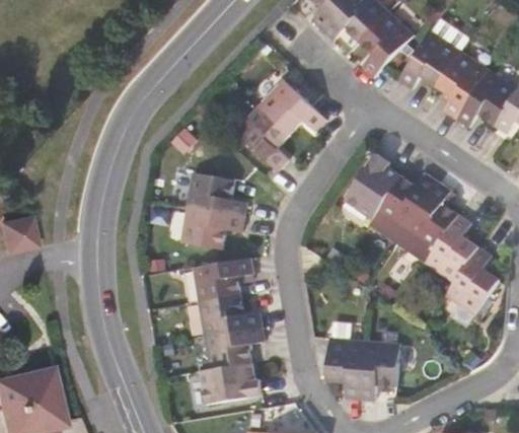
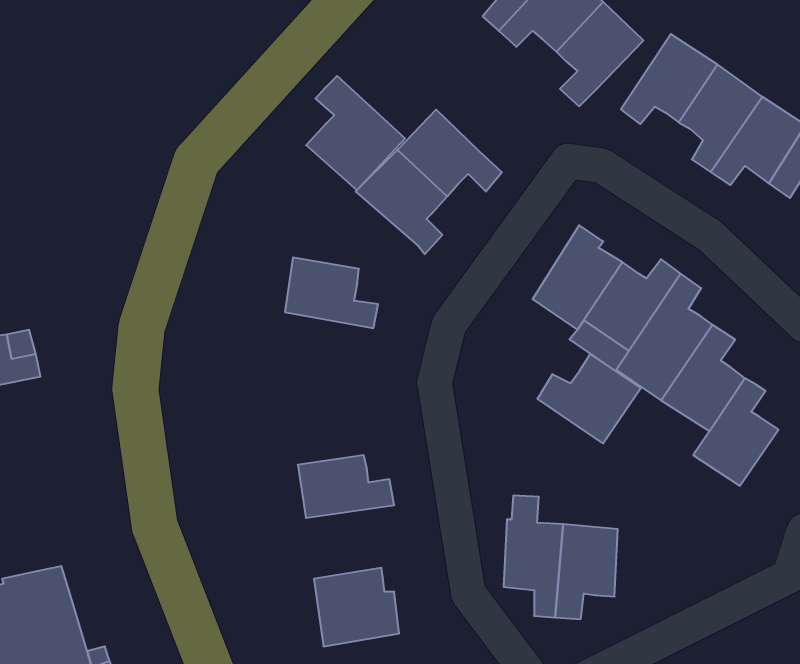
building: none -> [306,76,405,190]
building: [182,207,245,250] -> none
building: none -> [537,354,641,443]
building: [192,259,251,303] -> none
building: [203,329,261,375] -> none

